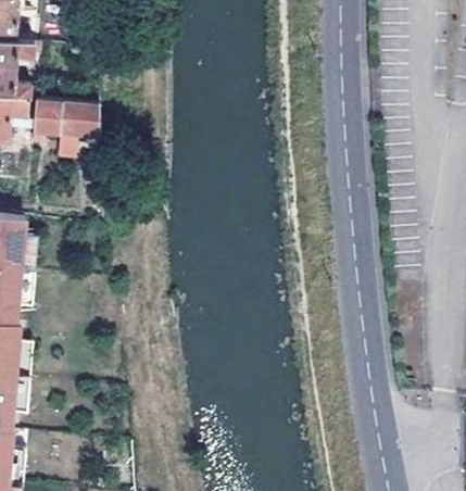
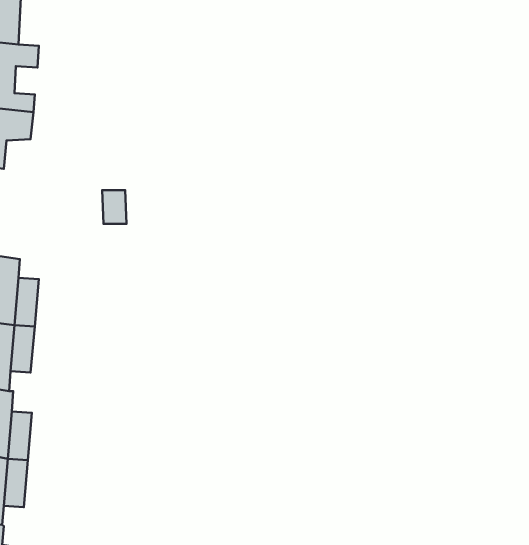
building: [34,100,101,139] -> none

